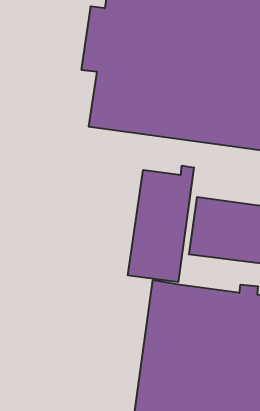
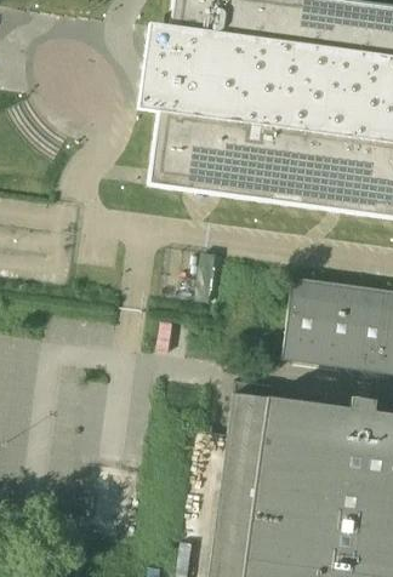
building: [128,166,194,282] -> none

